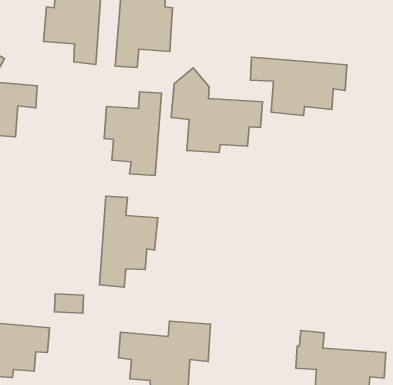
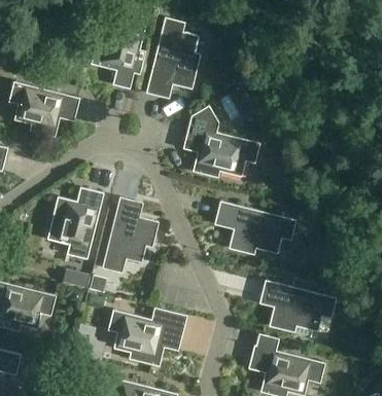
building: [250,57,347,116] -> [215,201,296,255]
building: [104,92,161,176] -> [50,189,103,259]
building: none -> [261,280,336,332]

